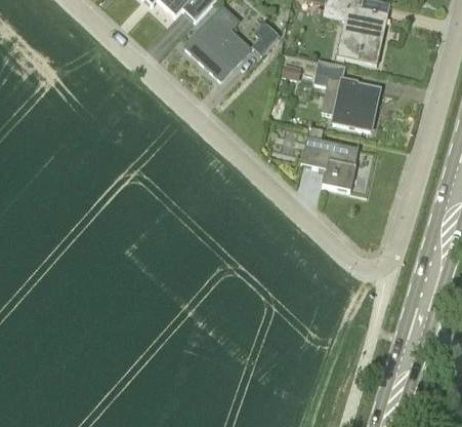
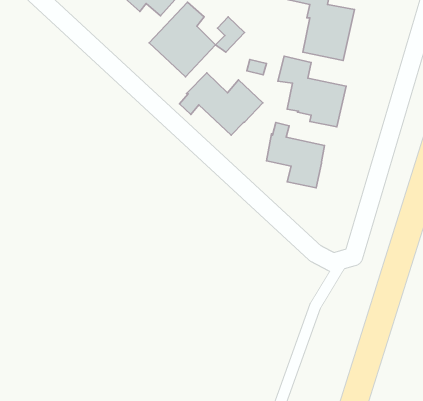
building: none -> [179,73,263,135]

